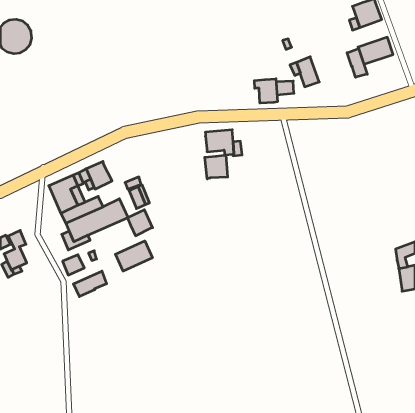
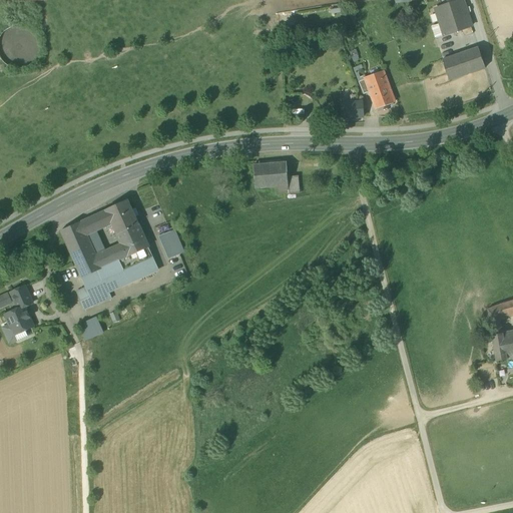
building: [347,49,367,77] -> none
building: [254,79,277,103] -> none
building: [205,155,228,179] -> none
building: [127,210,153,236] -> [117,223,148,255]
building: [115,241,152,271] -> none
building: [73,271,107,297] -> none

